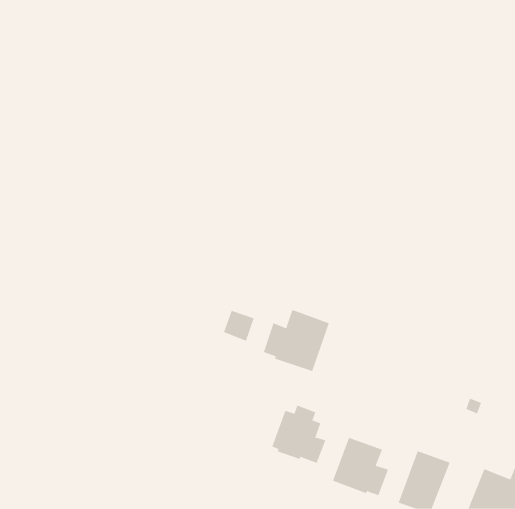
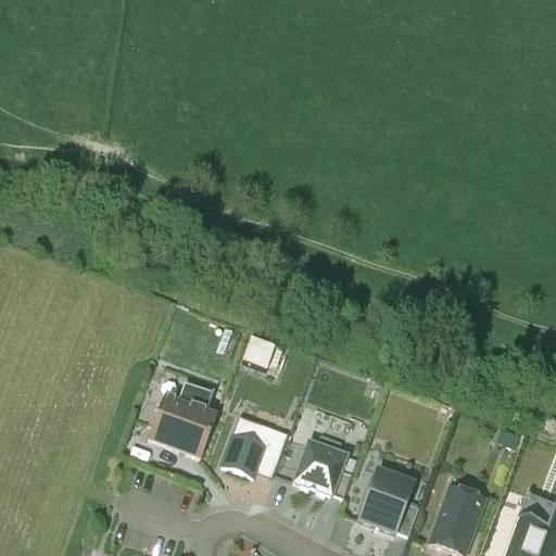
building: [263,309,329,372] -> none
building: none -> [148,381,216,456]
building: none -> [220,417,287,480]

